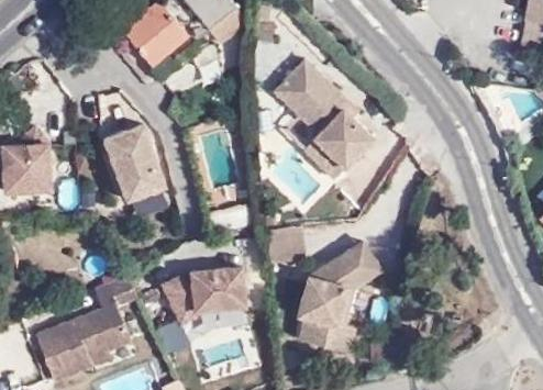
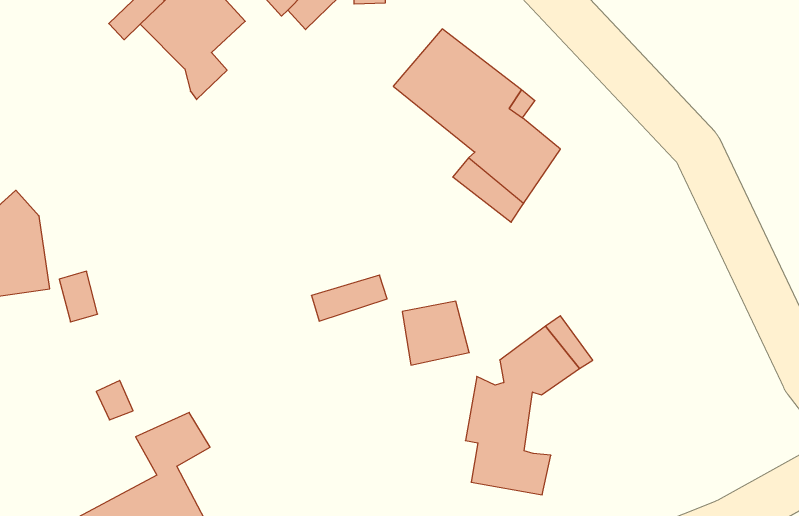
building: [102,125,163,201] -> none
building: [159,267,243,325] -> none

